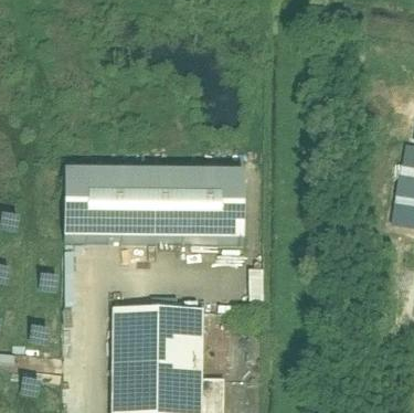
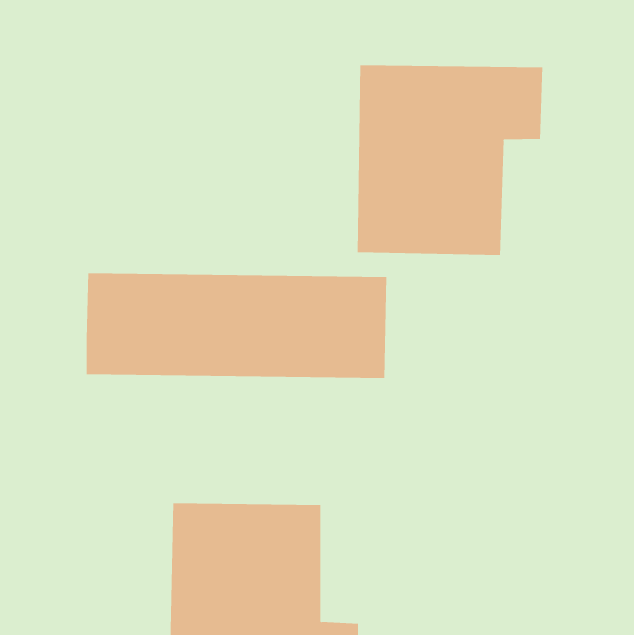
building: none -> [357,65,543,256]

